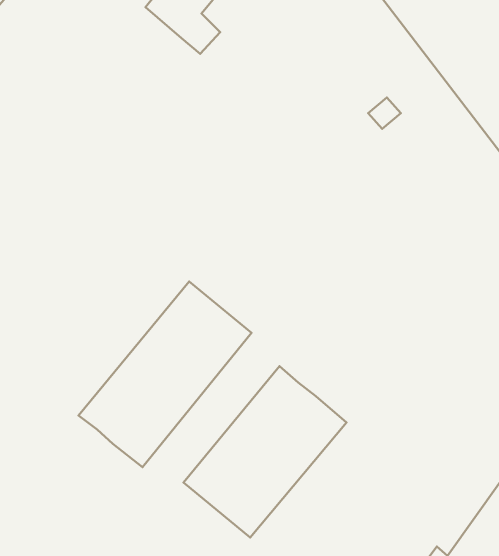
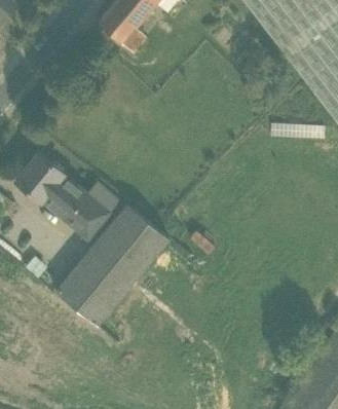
building: none -> [16,149,112,237]
building: [184,366,346,537] -> none

